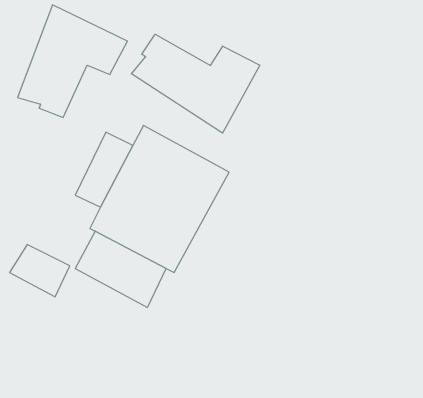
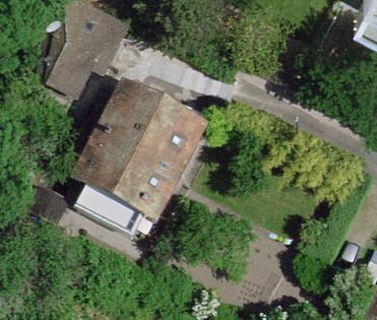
building: [131,34,260,133] -> none

